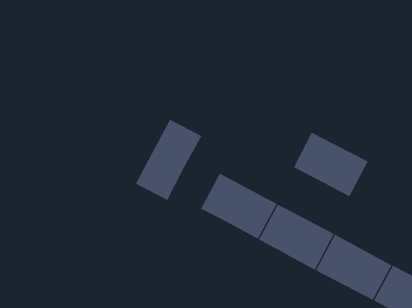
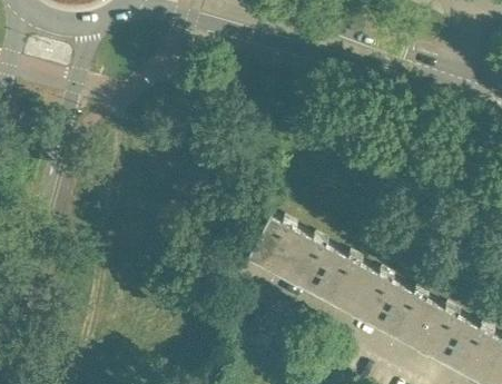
building: [135,119,202,201] -> none
building: [293,132,369,197] -> none

